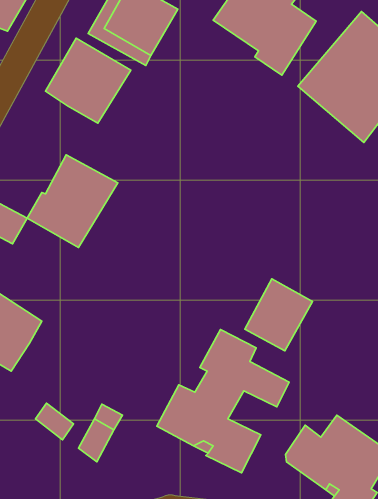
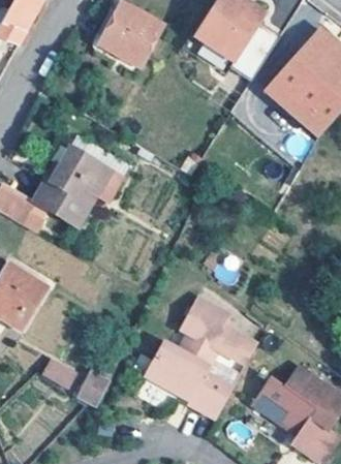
building: [46,38,131,123] -> none
building: [245,279,313,351] -> none

